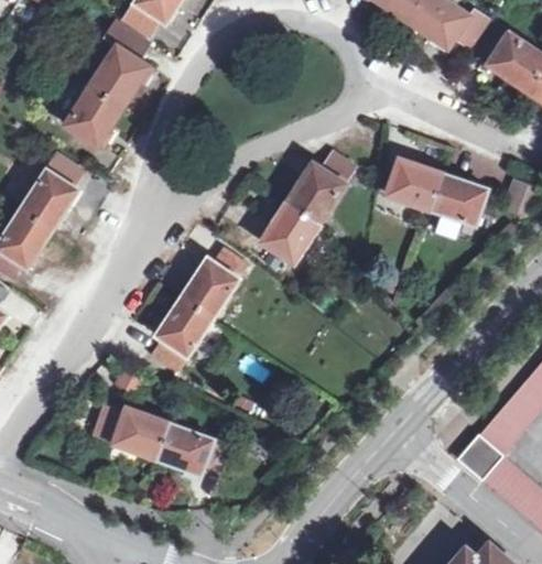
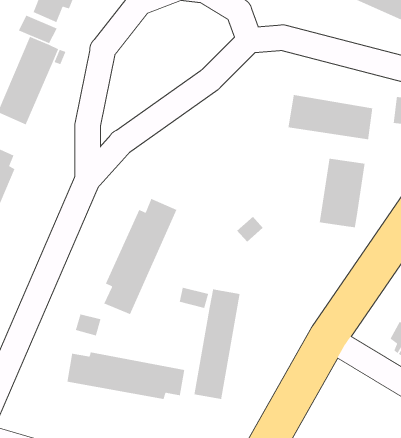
building: [262,153,356,276] -> none
building: none -> [319,158,365,228]
building: none -> [194,289,241,400]

